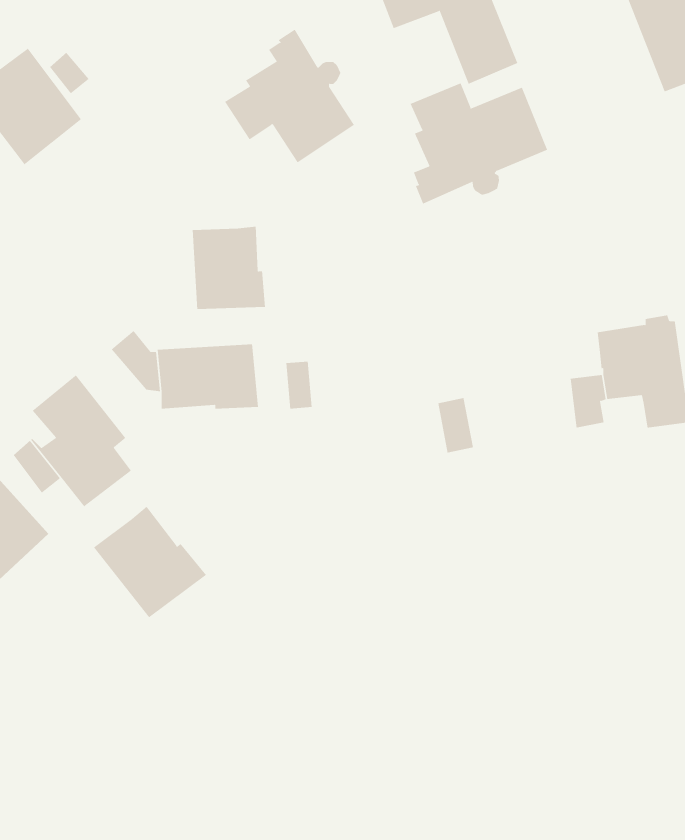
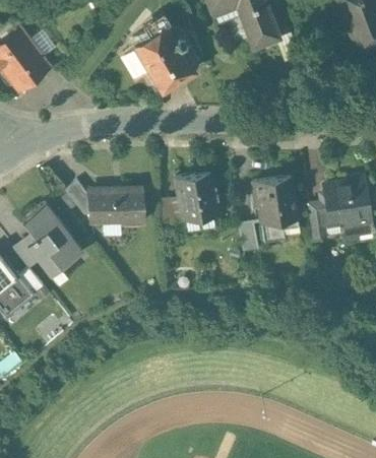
building: [410,83,548,205] -> none
building: [192,226,265,310] -> none
building: none -> [175,171,217,217]
building: none -> [252,172,299,235]
building: [93,506,207,618] -> none

